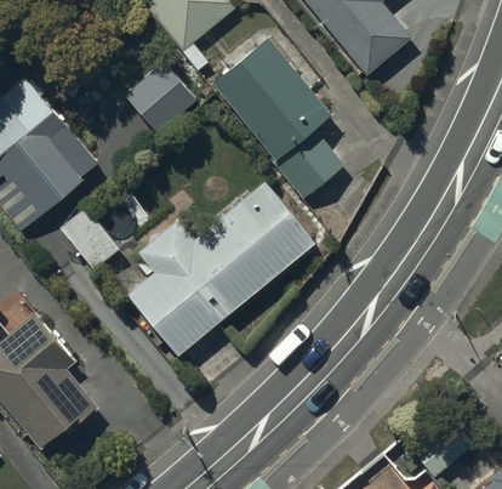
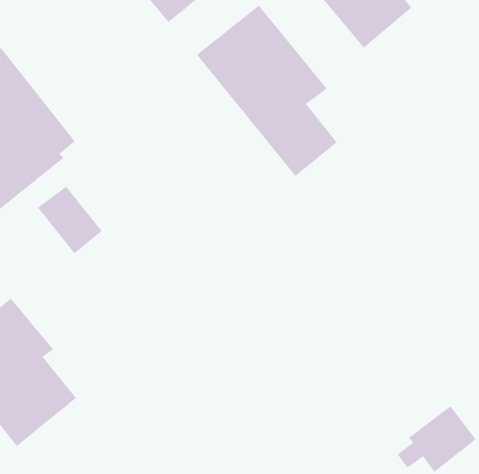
building: [125,63,196,133] -> none
building: [127,181,315,356] -> none

